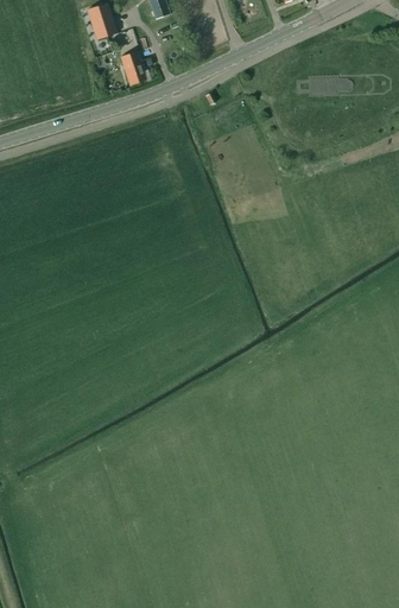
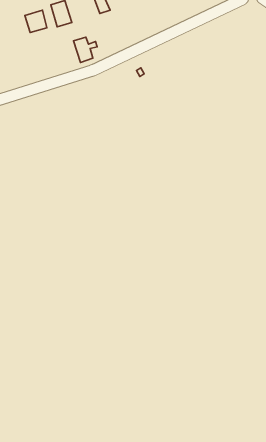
building: none -> [25,10,47,33]

